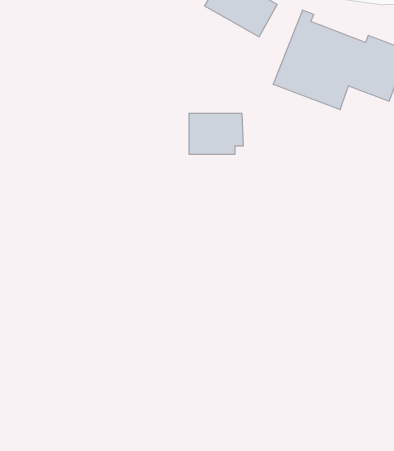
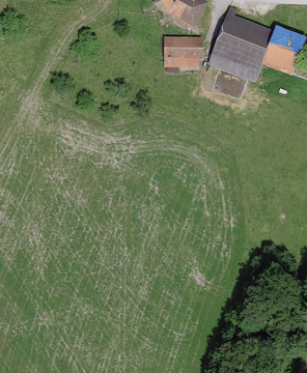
building: [189,114,243,154] -> [163,37,203,67]

